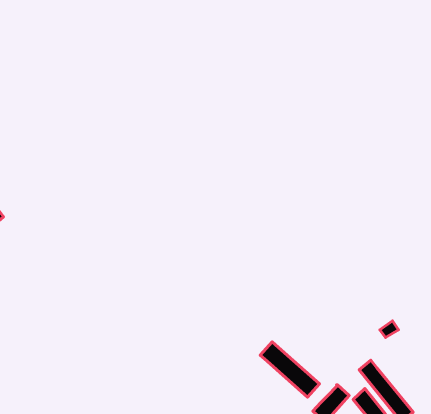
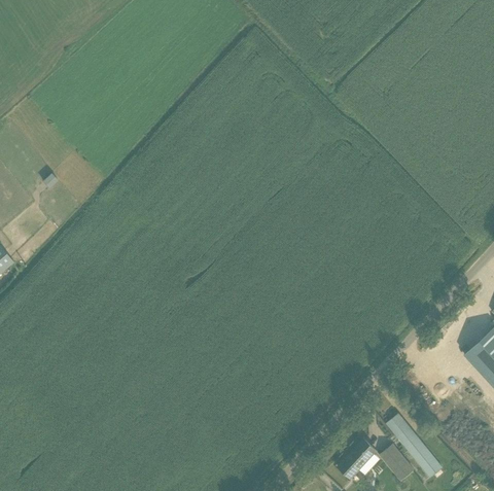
building: [260,342,320,397] -> none

